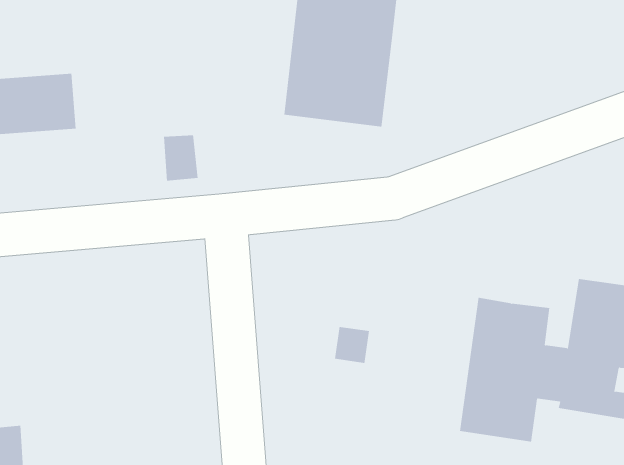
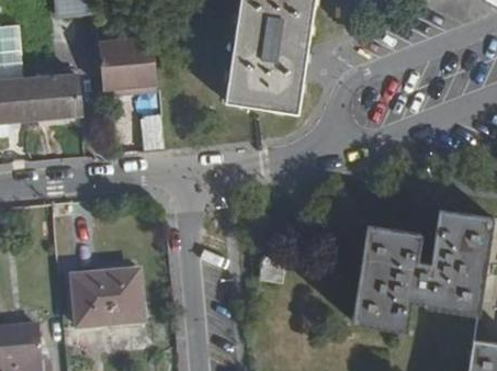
building: none -> [103,32,161,86]
building: none -> [71,269,142,326]

